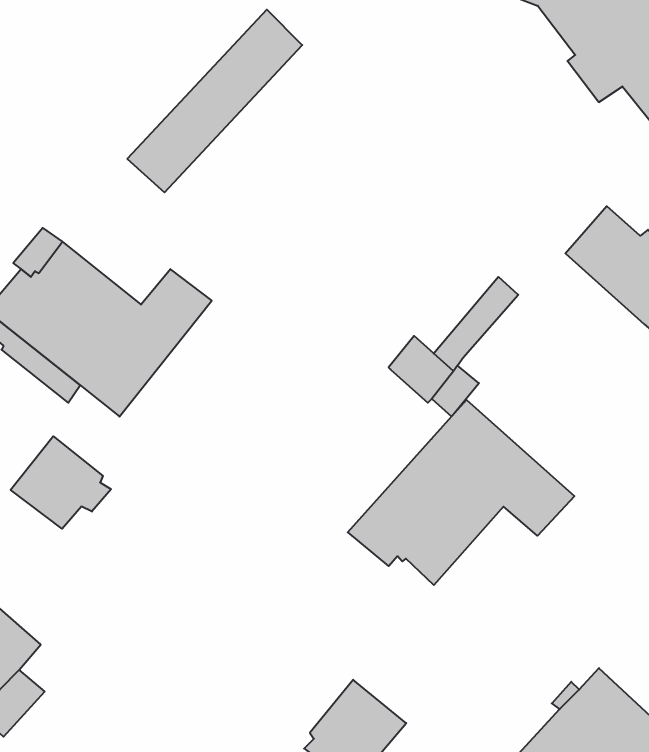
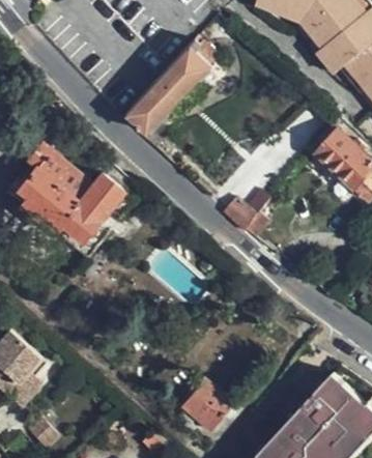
building: [127,10,302,192] -> [123,37,216,134]
building: [348,400,574,585] -> none
building: [11,436,111,529] -> none

